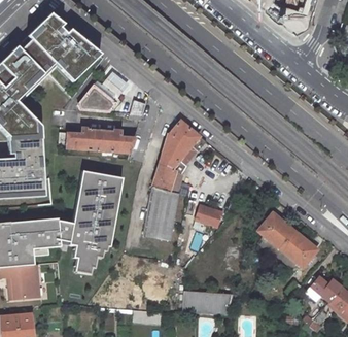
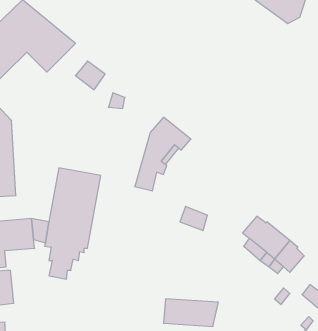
building: [78,79,120,111] -> none
building: [61,130,137,154] -> none
building: [146,187,181,240] -> none

